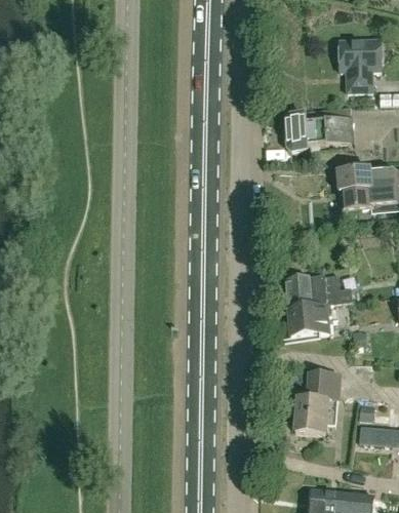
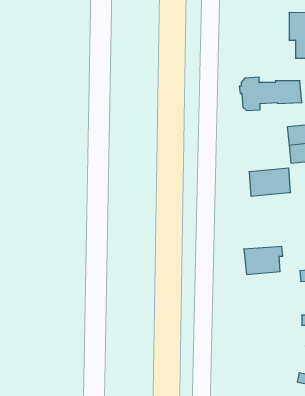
building: [286,276,333,308] -> [249,168,291,196]
building: [295,373,340,434] -> none

